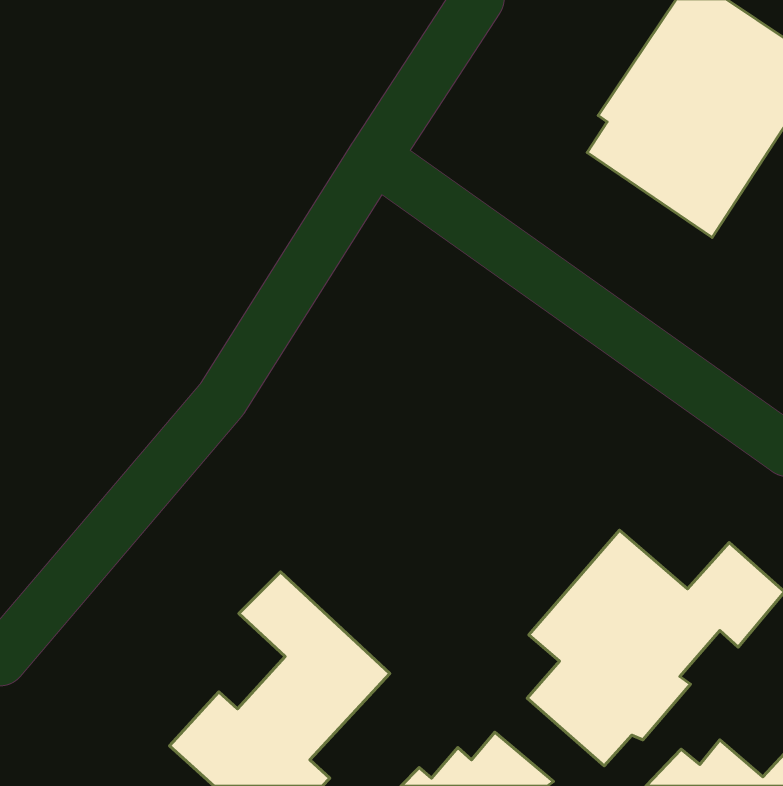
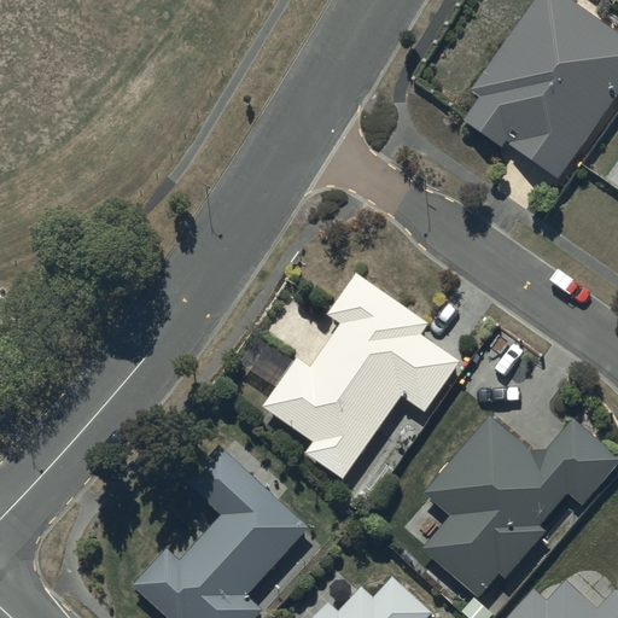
building: none -> [264,276,455,478]

